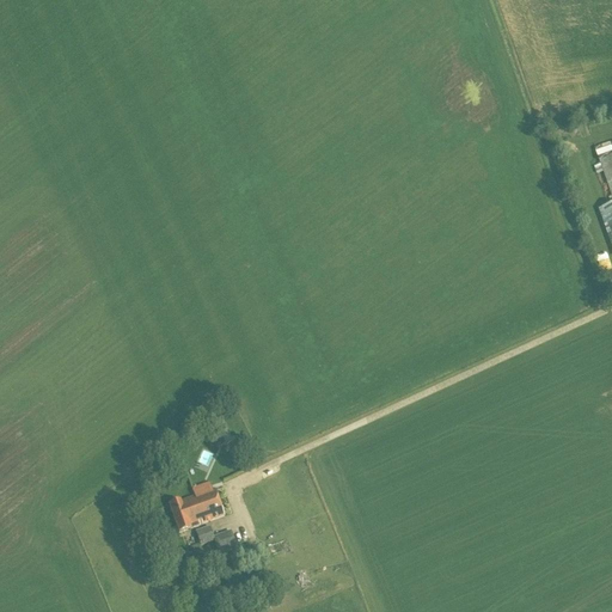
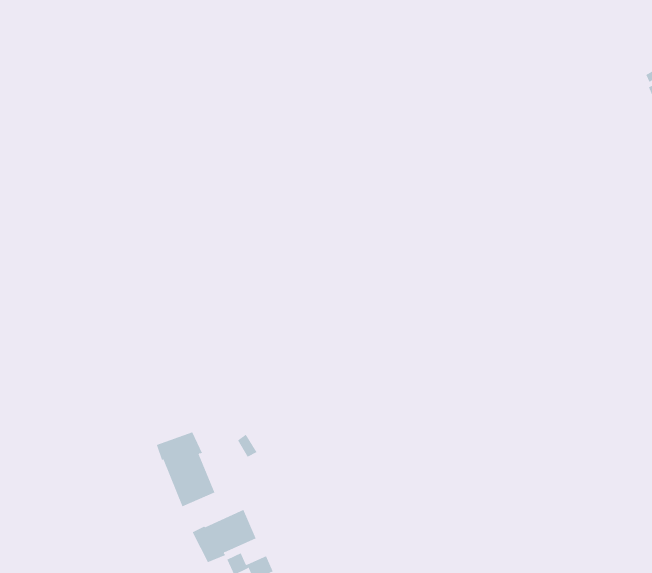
building: none -> [156,432,215,507]

